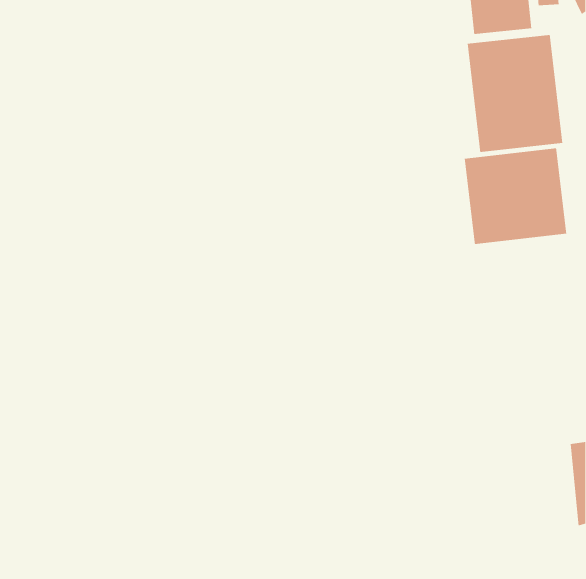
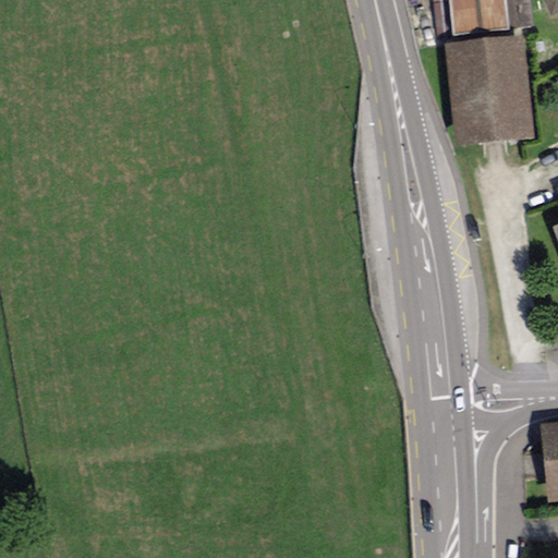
building: [464,148,567,245] -> none

